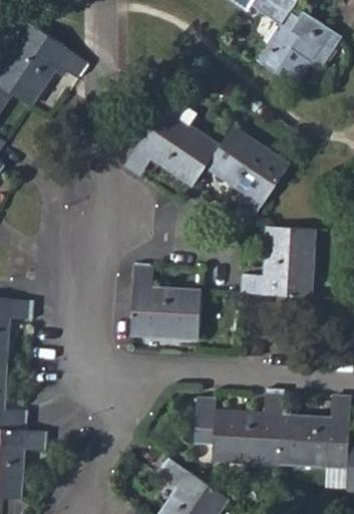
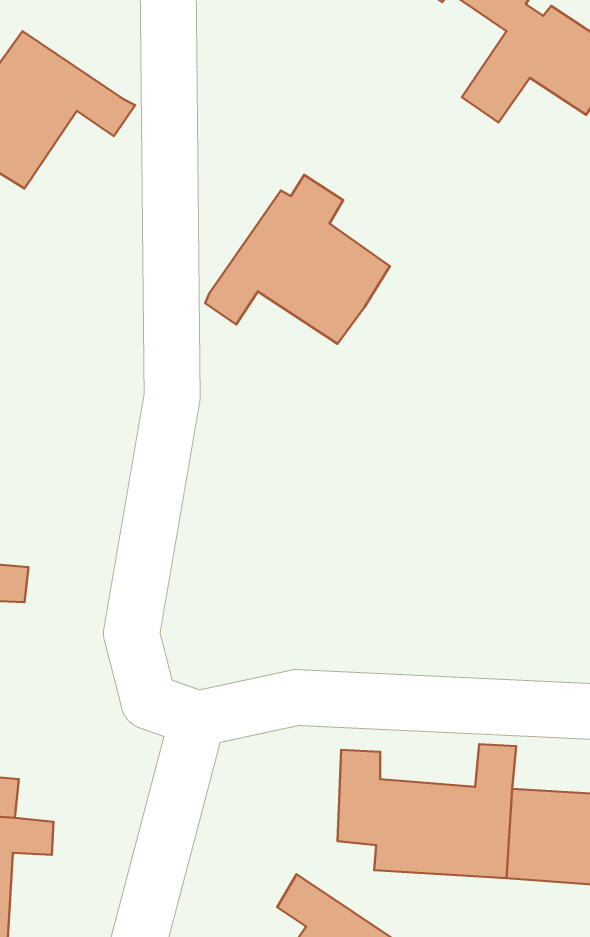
building: [207,127,289,223] -> none
building: [242,226,315,297] -> none
building: [129,265,202,337] -> none

